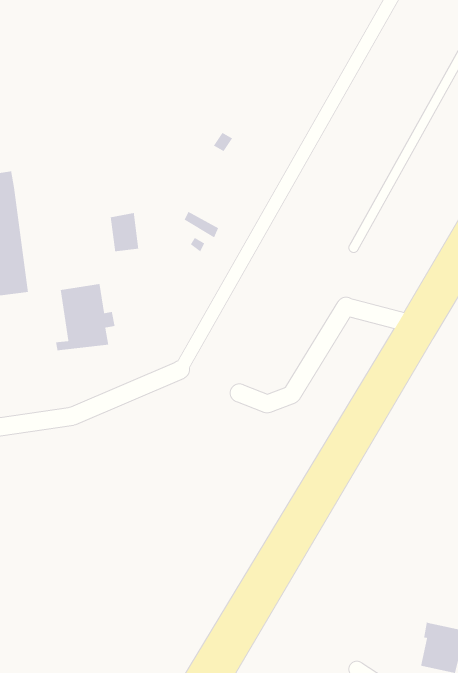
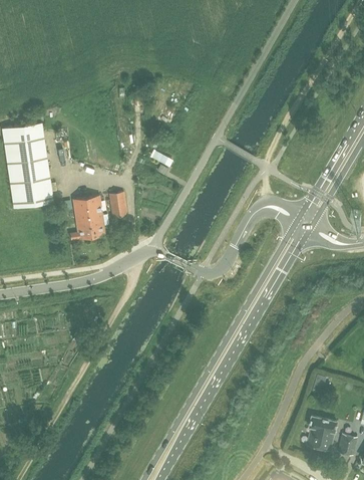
building: [110,212,139,252] -> [108,192,127,218]

